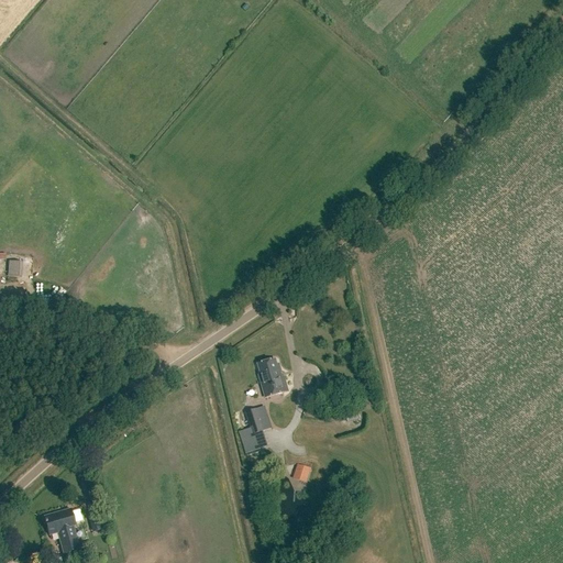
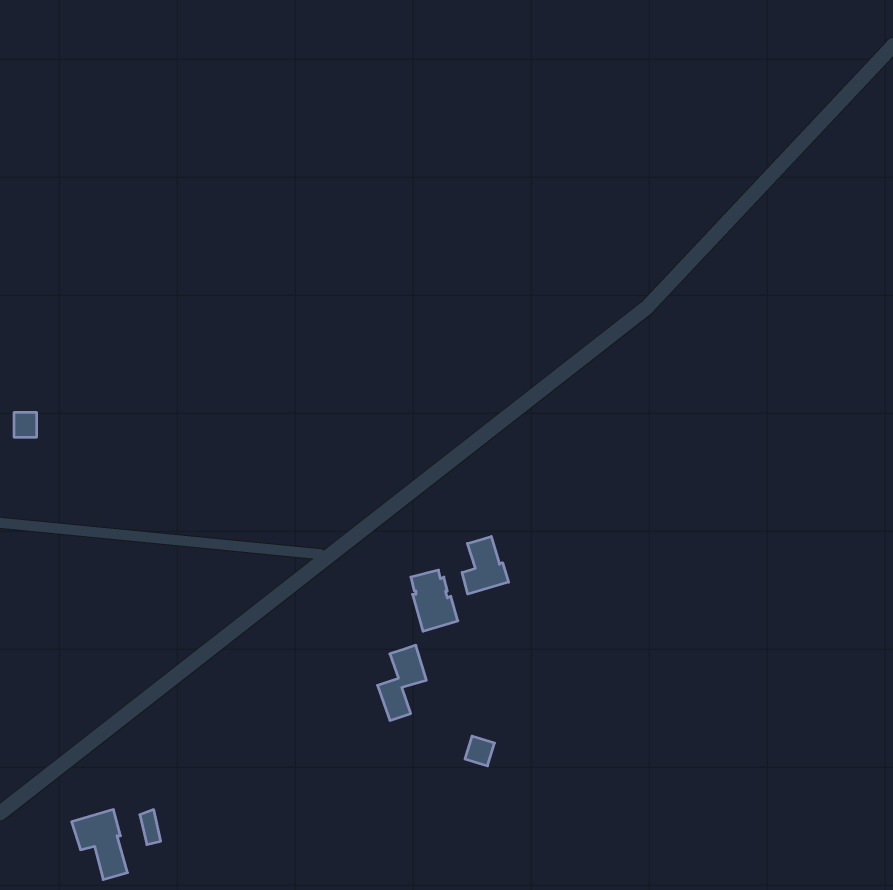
building: none -> [462,536,509,594]

